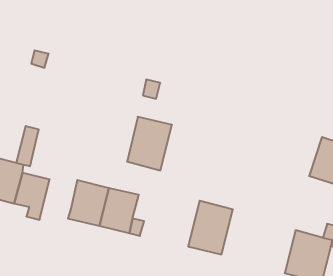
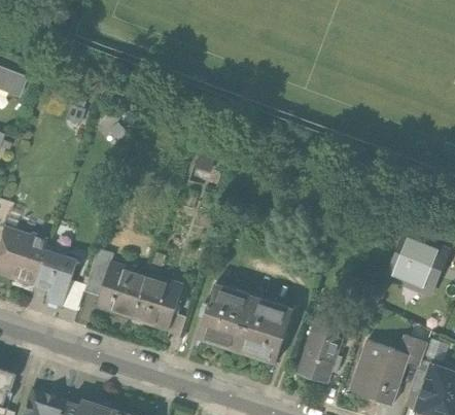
building: [127,117,172,170] -> [198,285,254,351]
building: [16,126,39,166] -> [83,248,113,297]
building: none -> [298,313,343,382]

